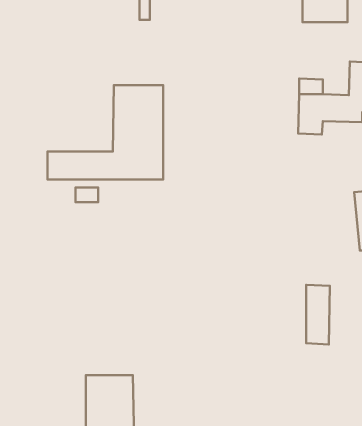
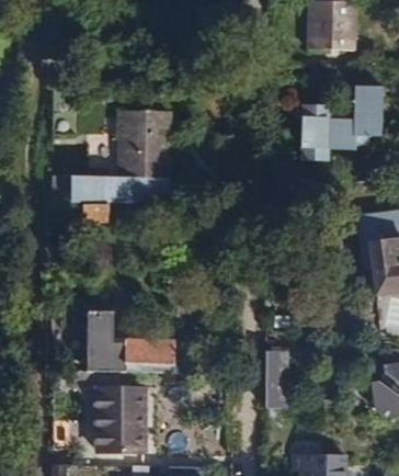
building: [306,285,330,344] -> [266,351,289,409]
building: none -> [90,309,186,386]

